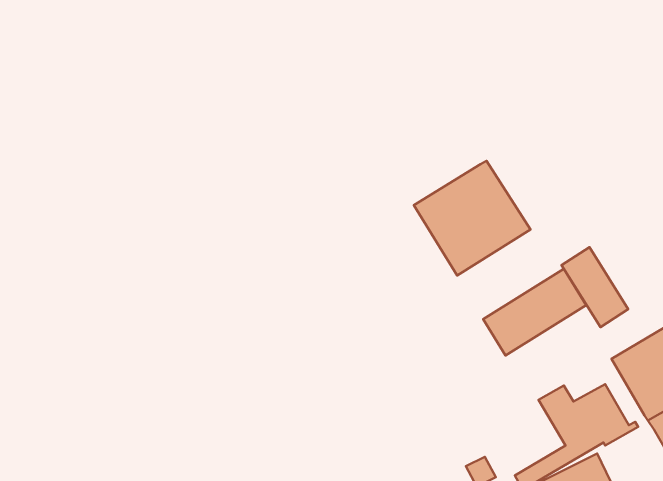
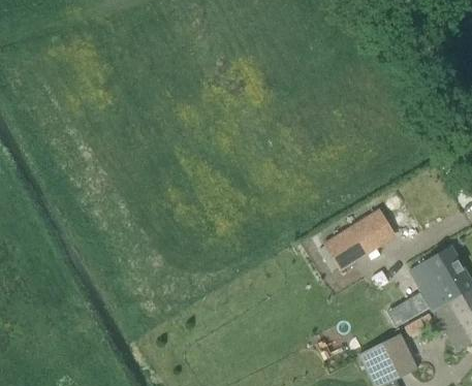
building: [414,161,530,276] -> none
building: [562,247,628,327] -> none

